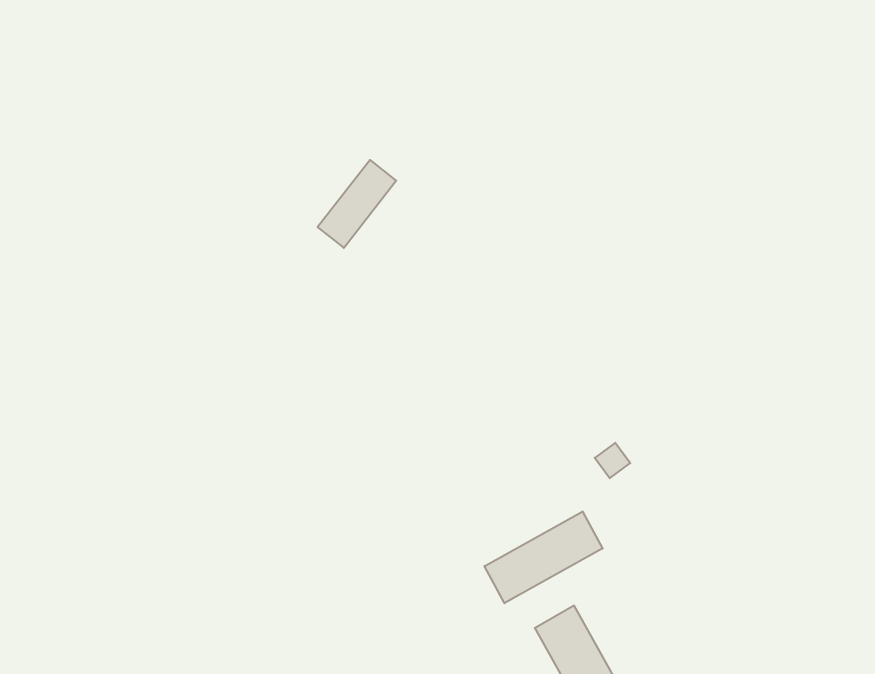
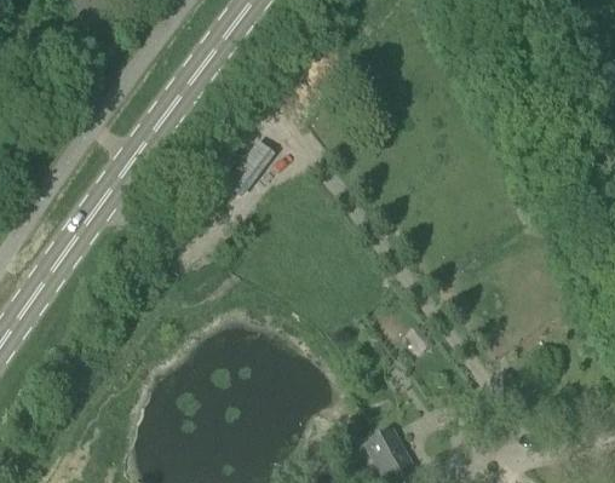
building: [484,511,603,603] -> none

